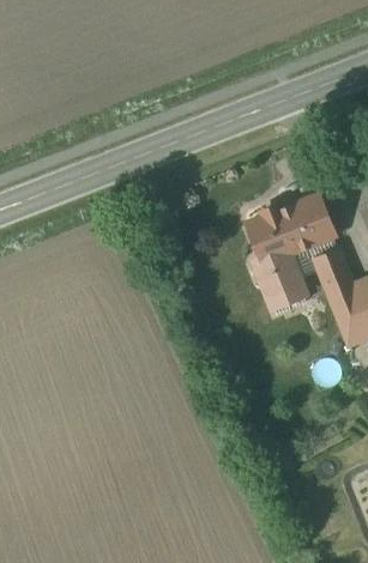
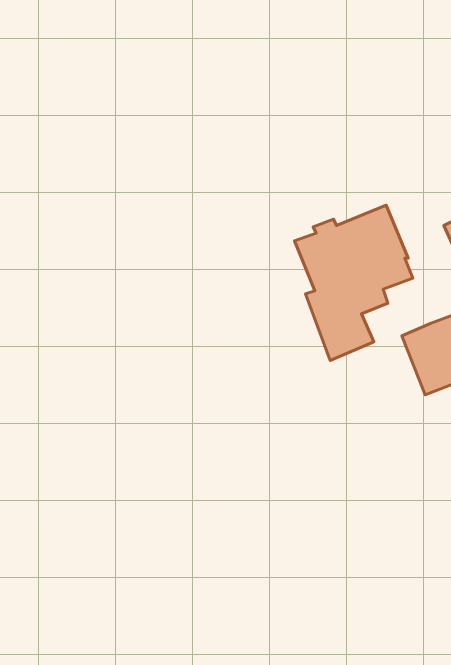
building: [314,252,351,296] -> none

